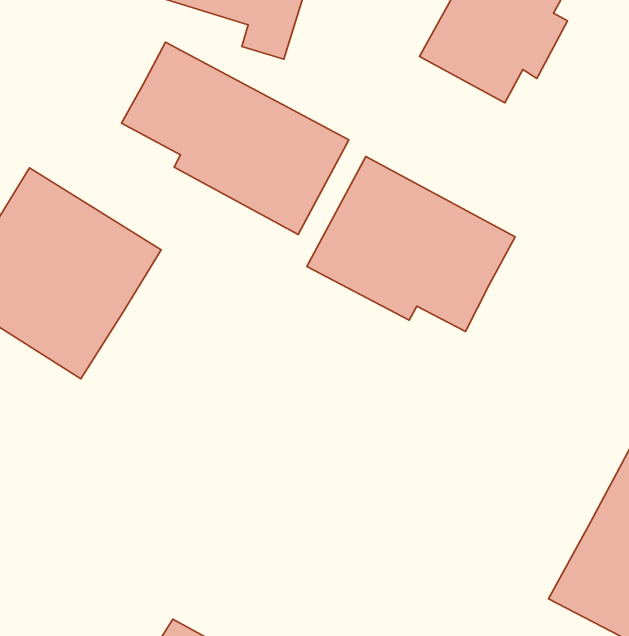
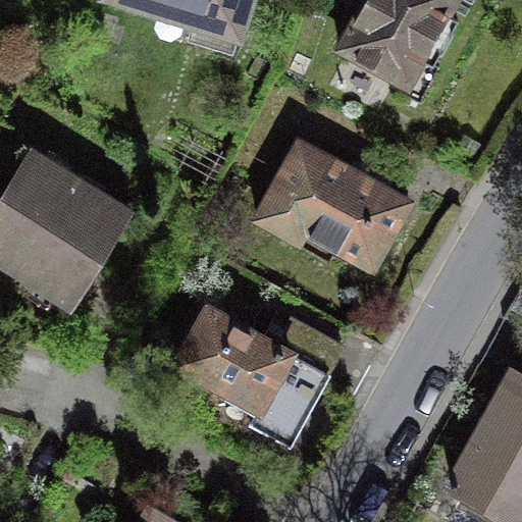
building: [121,42,349,235] -> none
building: none -> [165,298,328,452]

